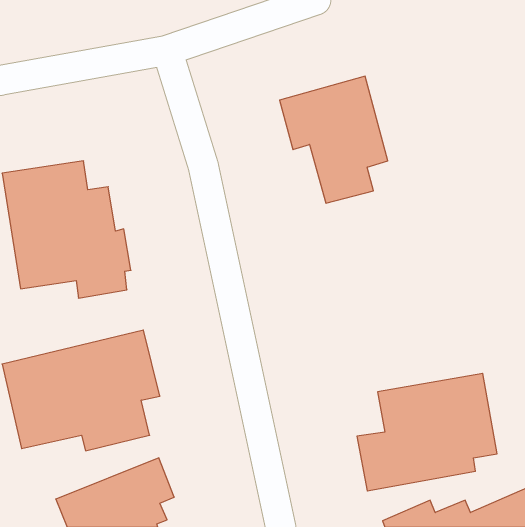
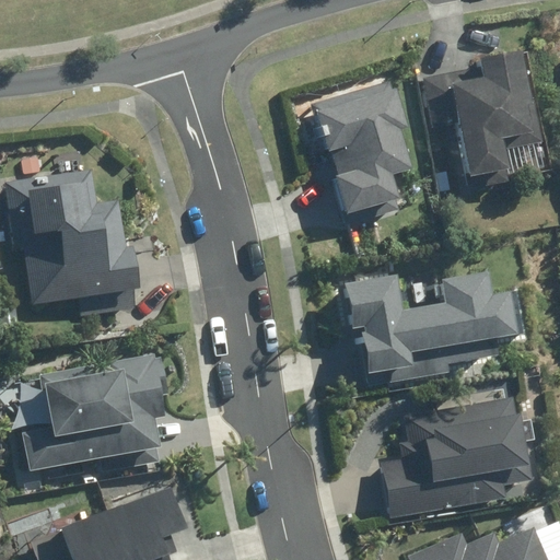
building: none -> [422,48,539,179]
building: none -> [338,273,524,374]

